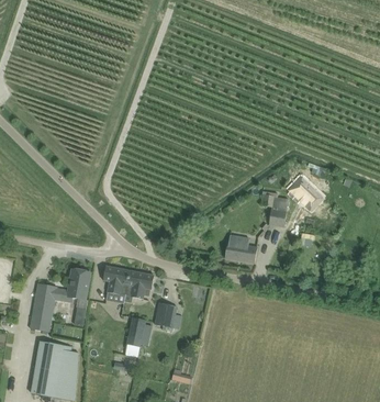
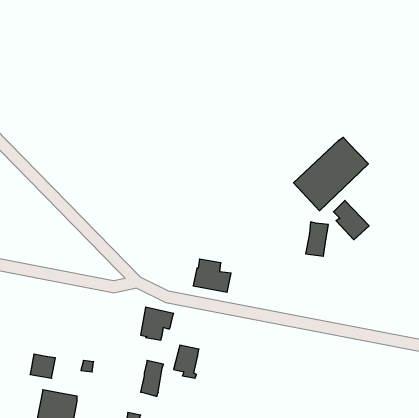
building: none -> [294,137,368,211]
building: [225,235,258,264] -> [193,259,231,292]
building: [104,266,131,294] -> none
building: [36,269,90,304] -> none

